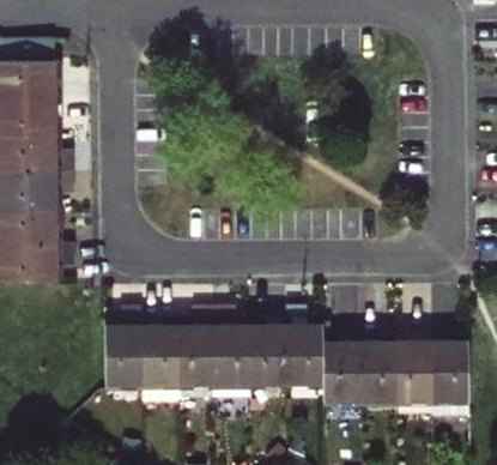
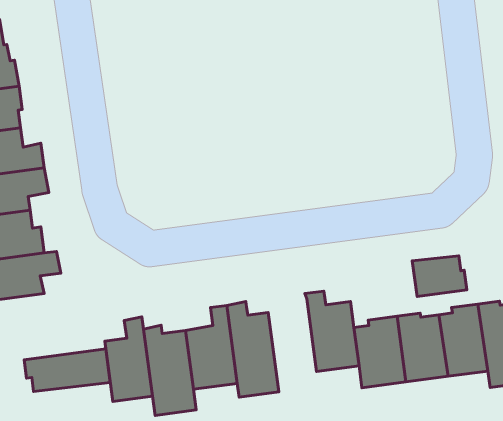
building: none -> [412,256,467,296]
building: [249,318,284,381] -> none
building: none -> [24,349,110,391]

